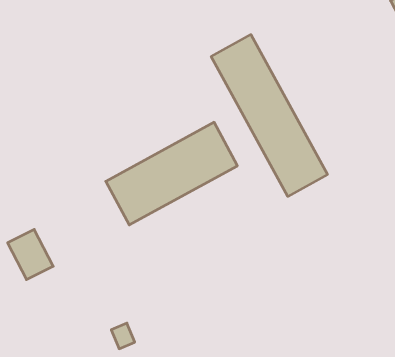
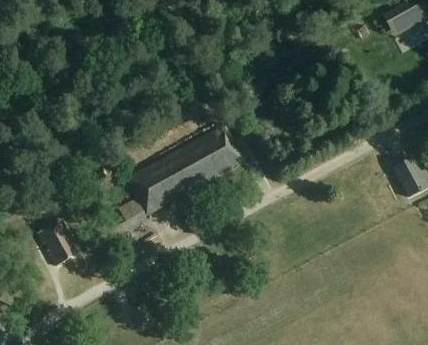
building: [211,35,327,196] -> none

